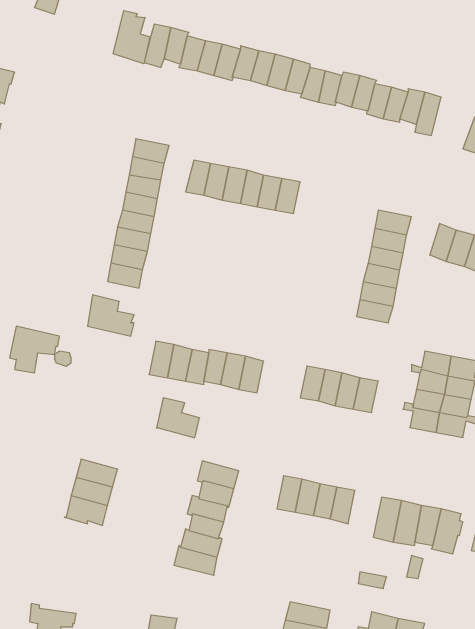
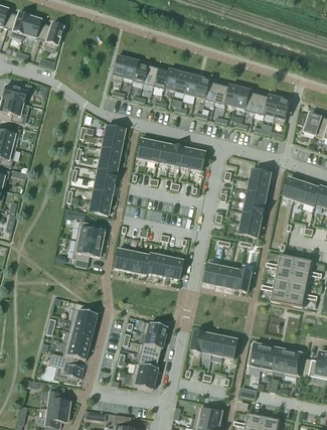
building: [113,11,150,64] -> none
building: [10,326,59,373] -> [71,239,102,267]
building: [156,398,200,438] -> [70,301,97,325]
building: none -> [48,351,83,380]
building: none -> [46,385,69,413]

